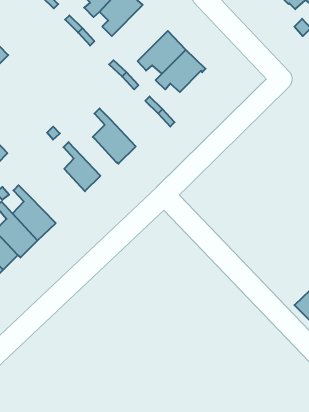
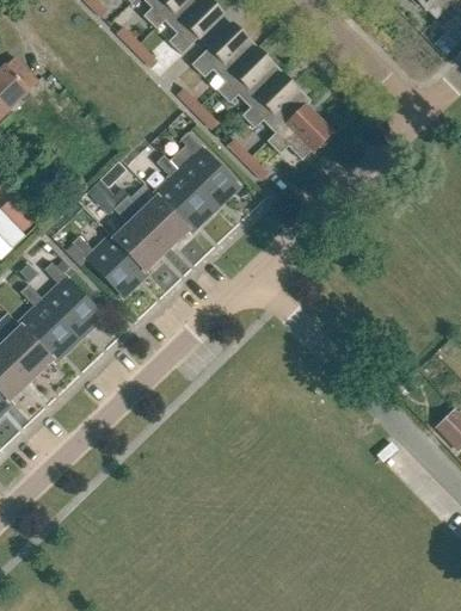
building: none -> [191,23,258,82]
building: none -> [266,103,333,160]
building: none -> [179,132,239,208]
building: none -> [121,195,186,248]
building: none -> [70,235,147,297]

